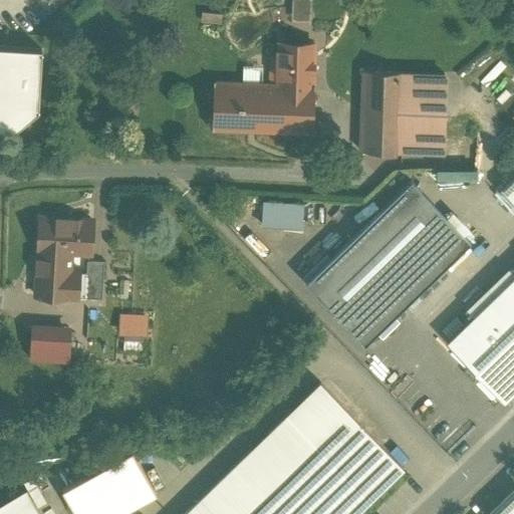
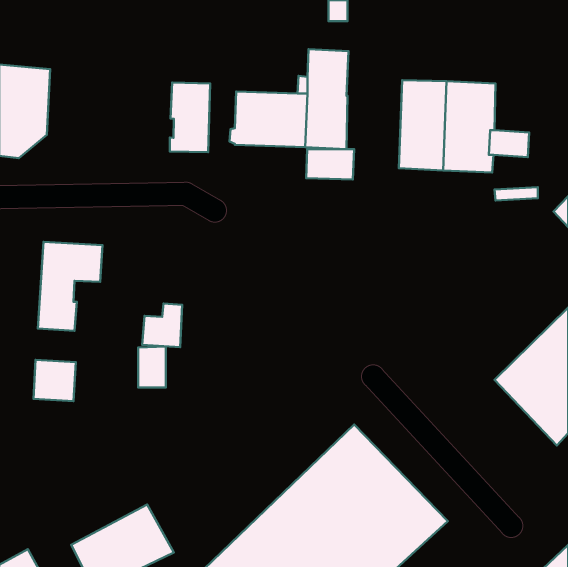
building: none -> [170,82,210,152]
building: [304,183,470,346] -> none
building: [267,203,310,230] -> [306,149,354,179]
building: [67,263,103,302] -> [142,304,182,347]

